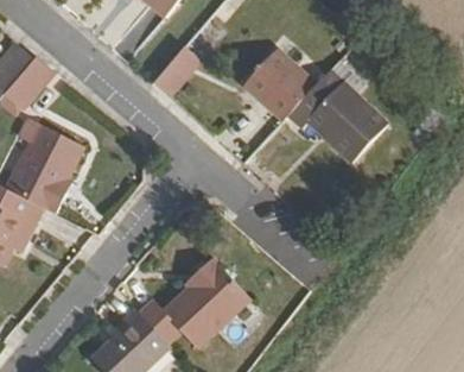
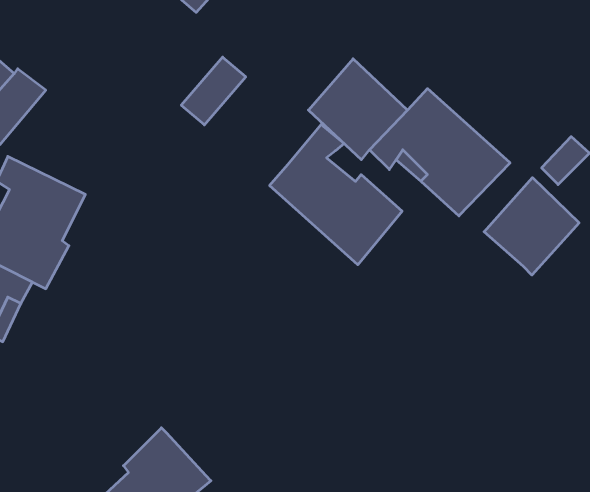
building: none -> [270,125,402,265]
building: none -> [484,178,579,275]
building: [140,260,250,351] -> none

